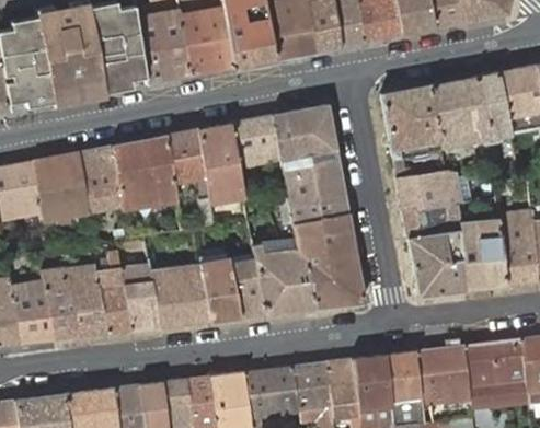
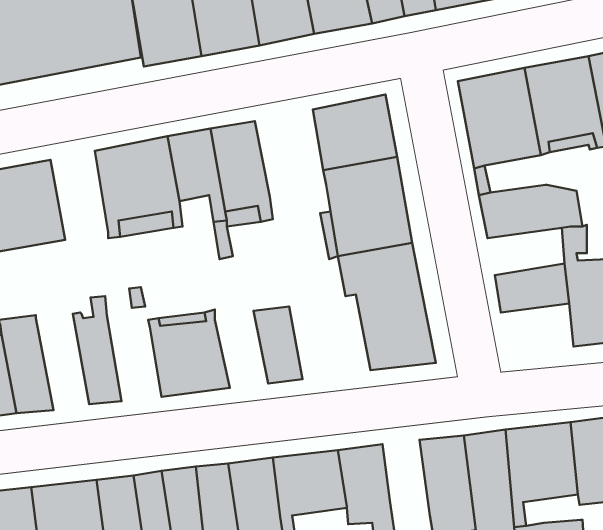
building: [232,115,285,180] -> none
building: [81,146,124,211] -> none
building: [404,203,461,238] -> none
building: [254,243,318,314] -> none
building: [203,258,242,321] -> none
building: [414,258,468,296] -> none
building: [123,265,163,331] -> none
building: [70,266,110,337] -> none
building: [326,359,361,419] -> none

